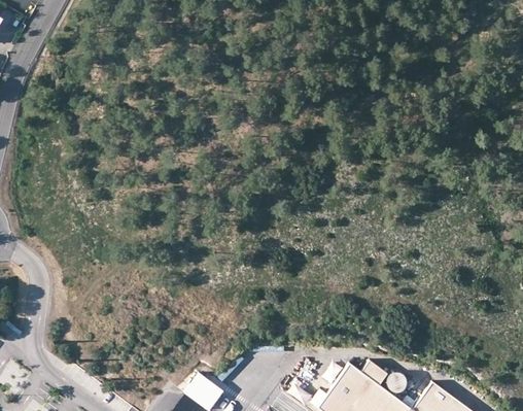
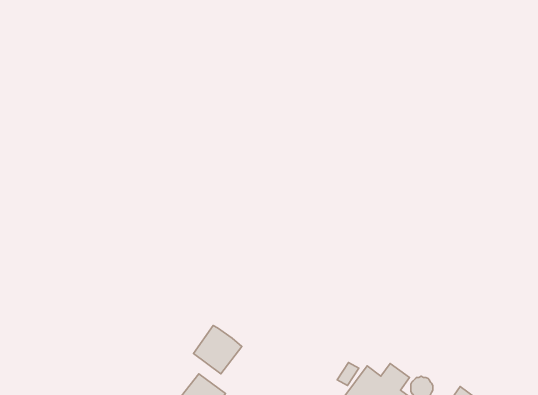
building: none -> [193,325,242,374]

